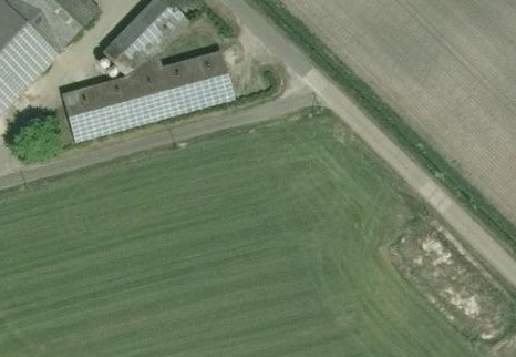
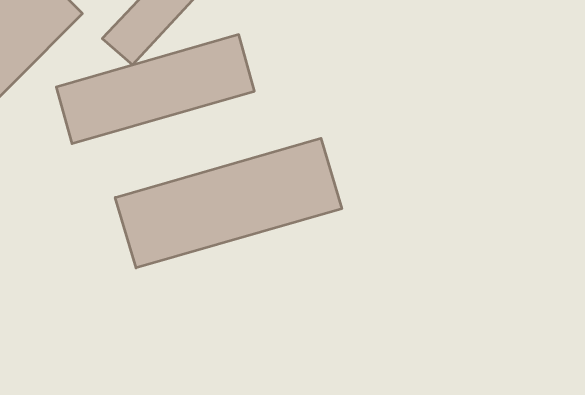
building: none -> [115,138,342,268]

